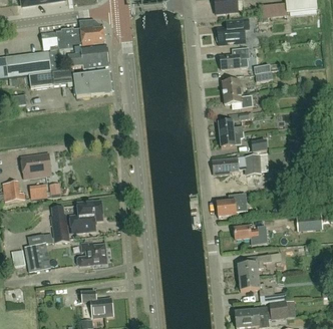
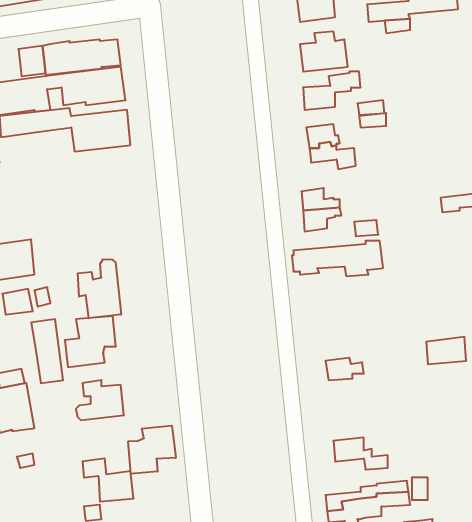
building: none -> [78,259,121,318]
building: [217,193,247,216] -> none
building: [238,255,271,278] -> none
building: none -> [128,426,176,474]

